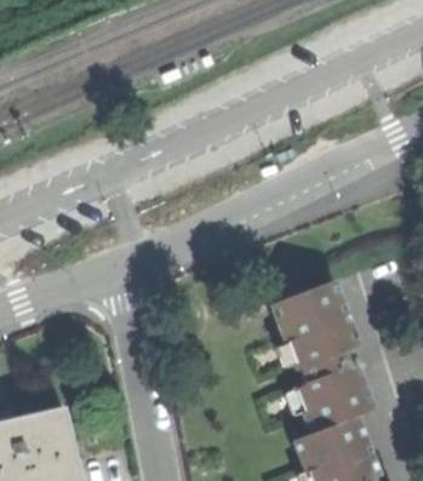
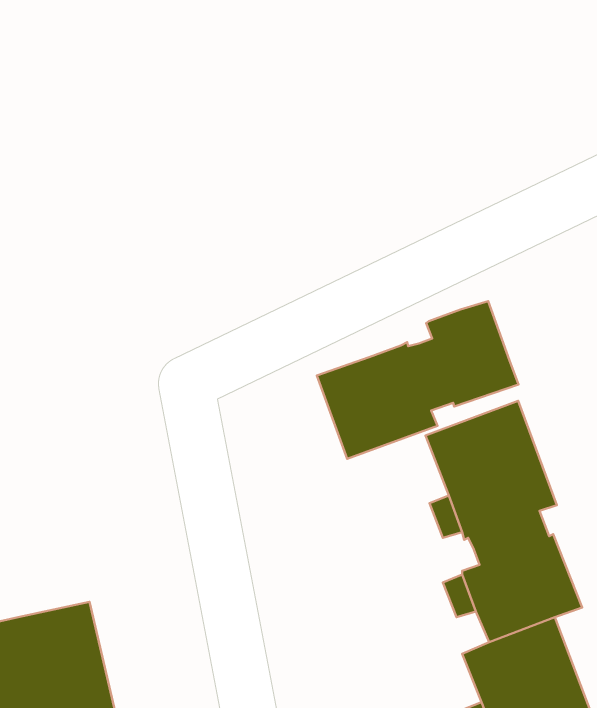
building: none -> [317,301,519,459]

